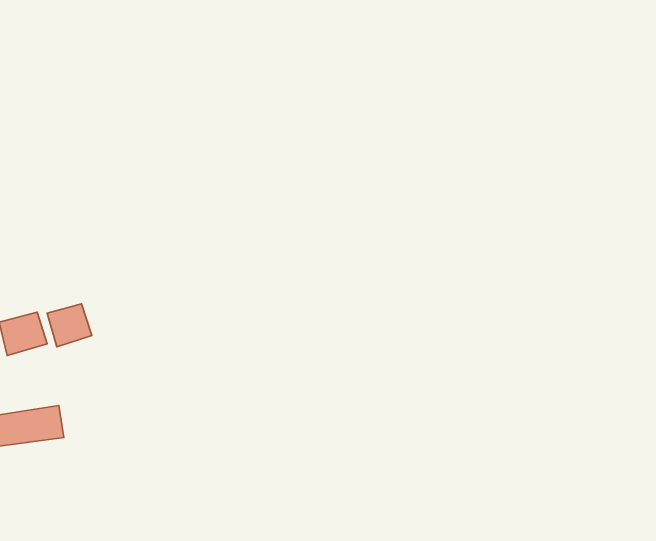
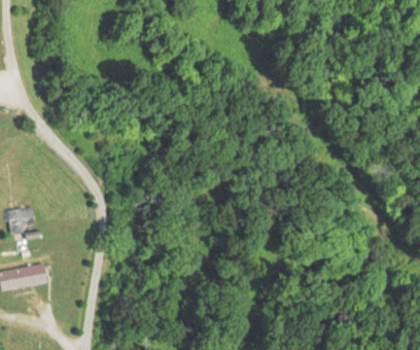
building: [47,304,92,347] -> none

